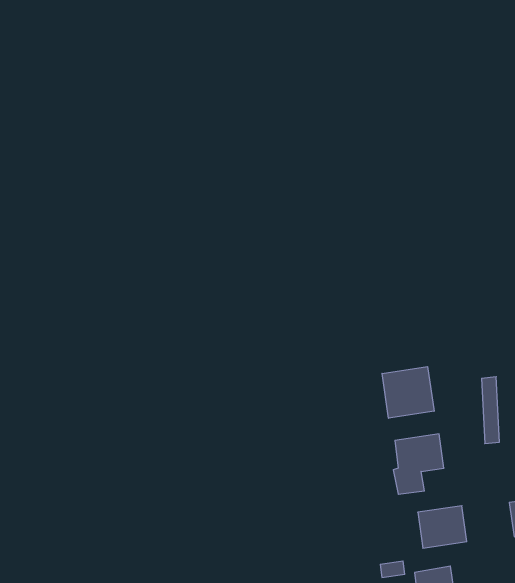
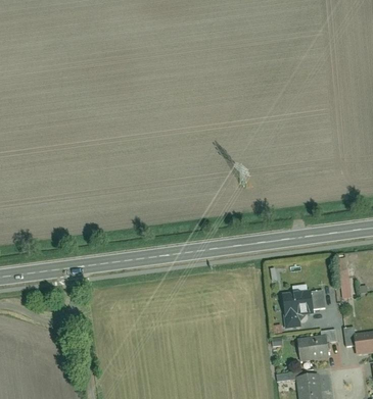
building: [382,367,434,418] -> none

